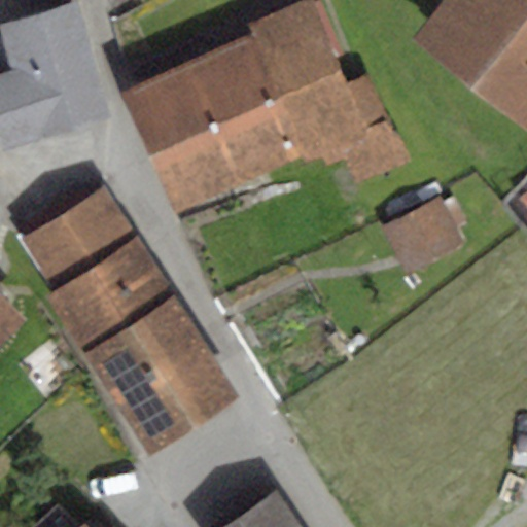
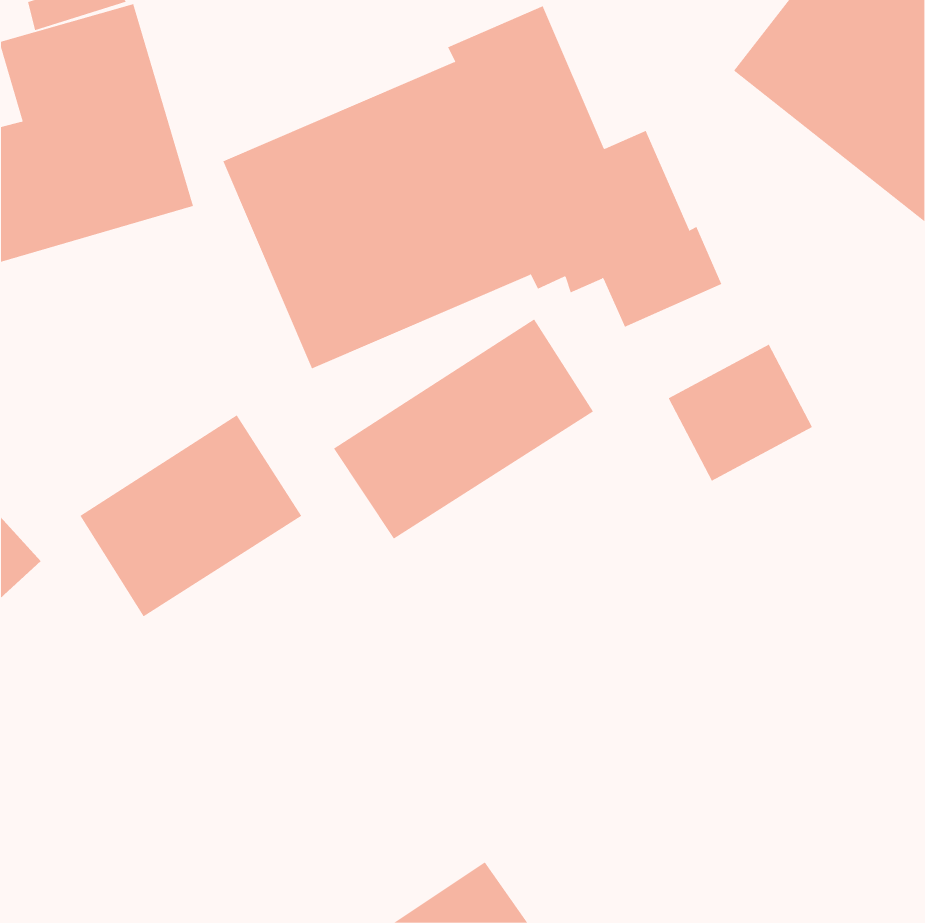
building: none -> [333,318,594,540]
building: [22,184,134,283] -> none
building: [81,293,238,454] -> none

